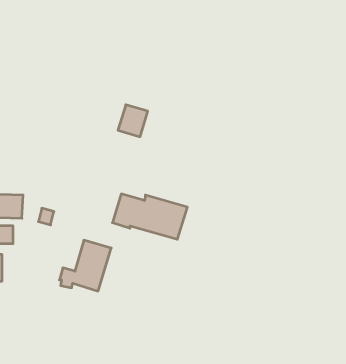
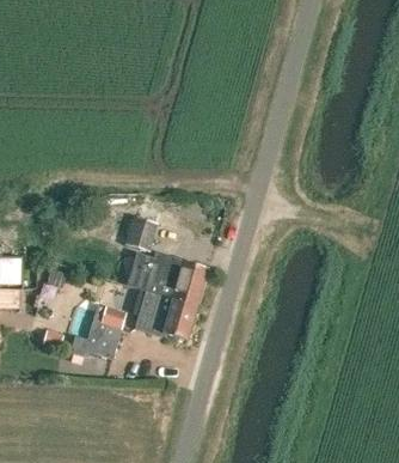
building: [118,105,148,137] -> [124,217,156,251]
building: none -> [133,291,196,342]

